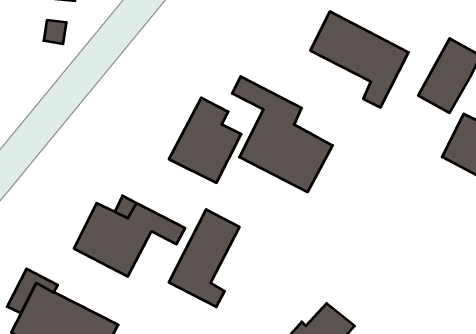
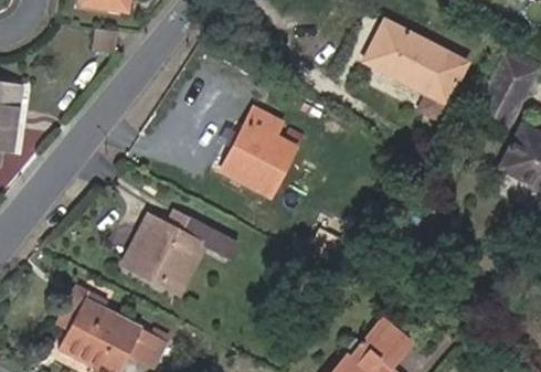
building: [232,76,333,192] -> none
building: [169,209,239,307] -> none

